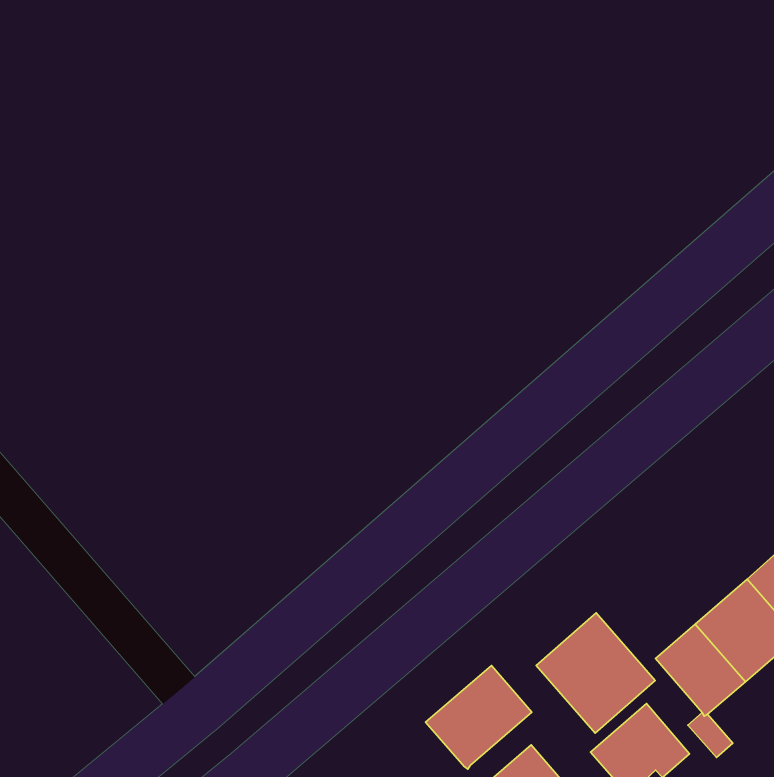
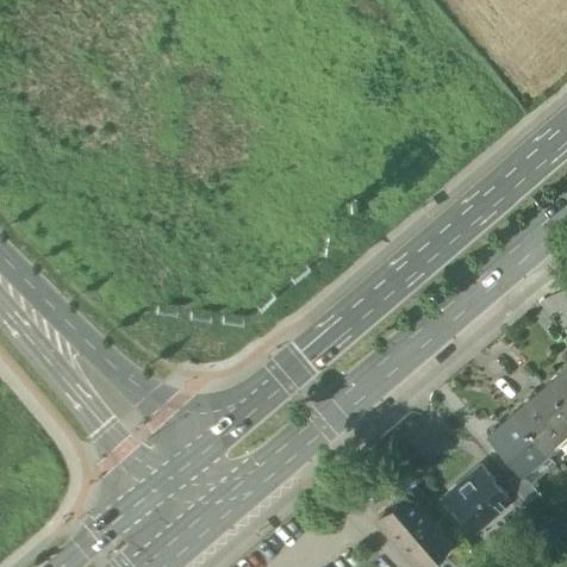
building: [536,613,655,733] -> none
building: [425,666,532,769] -> none

